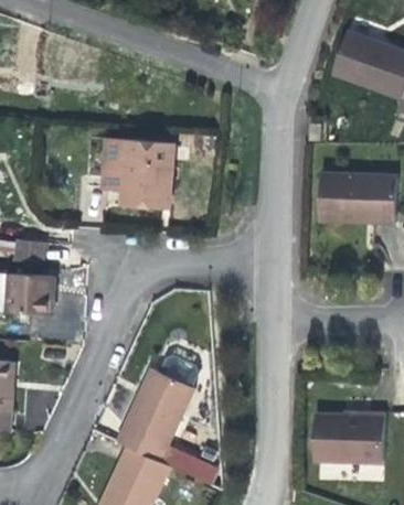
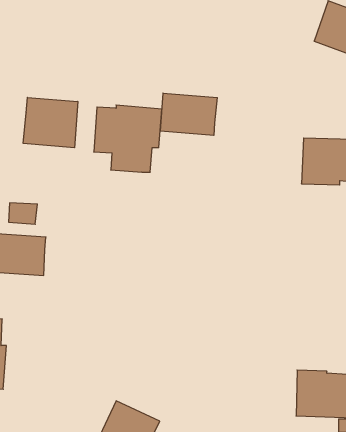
building: none -> [160,93,217,135]
building: none -> [23,97,78,148]
building: [117,368,194,473] -> none

